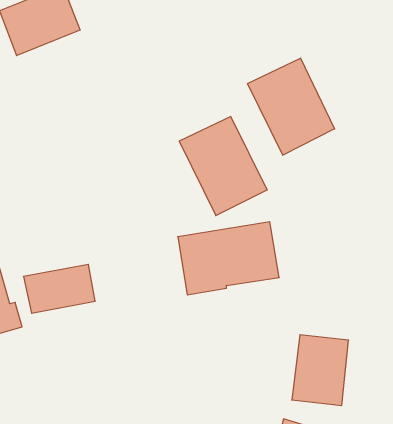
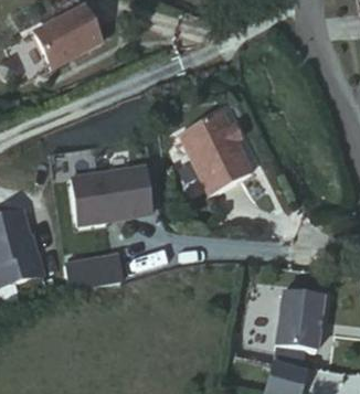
building: [248,58,335,155] -> none
building: [178,222,279,295] -> [77,178,160,237]

